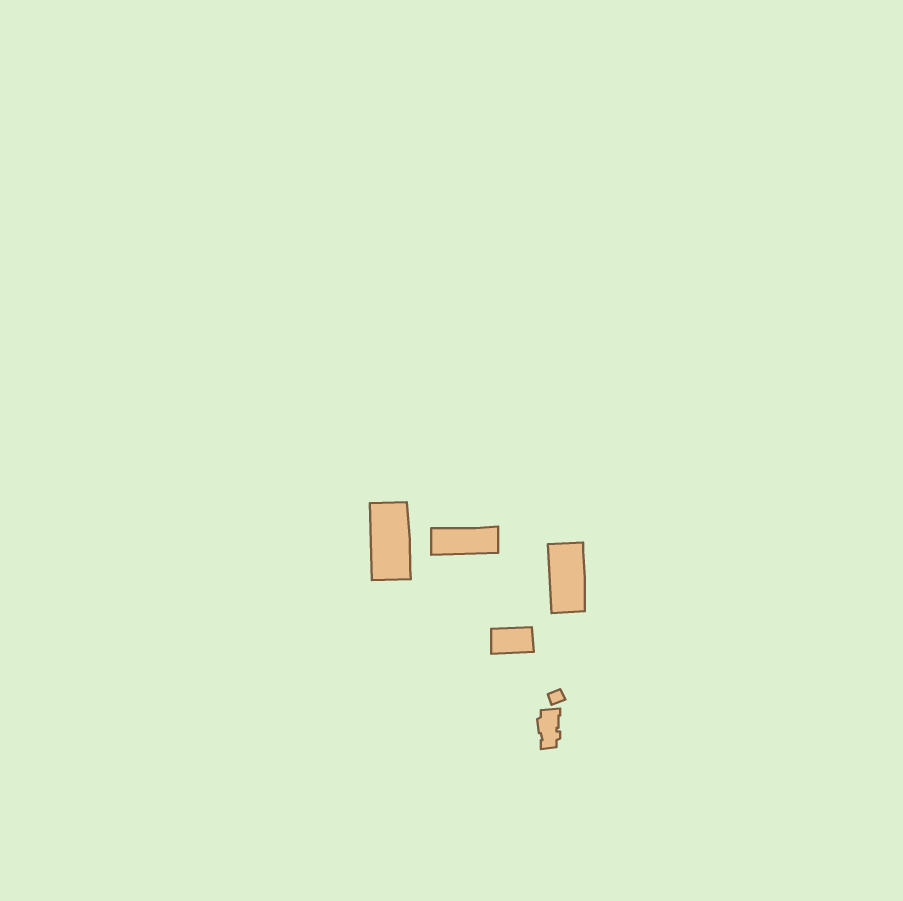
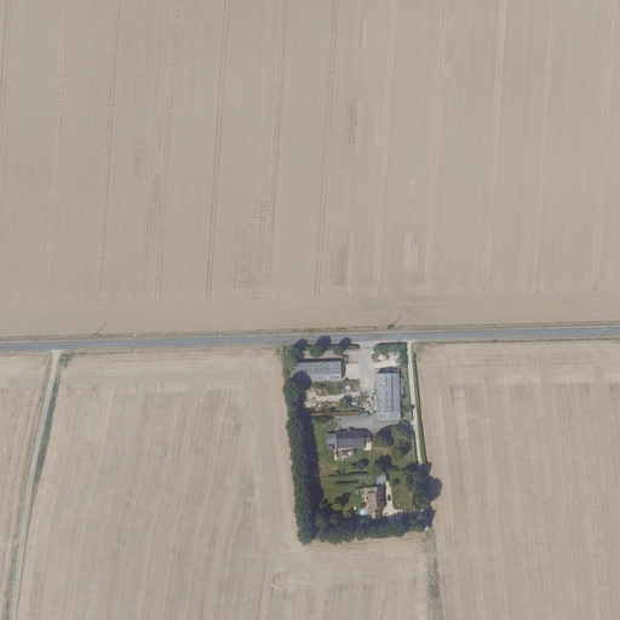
building: [370,502,411,580] -> none

